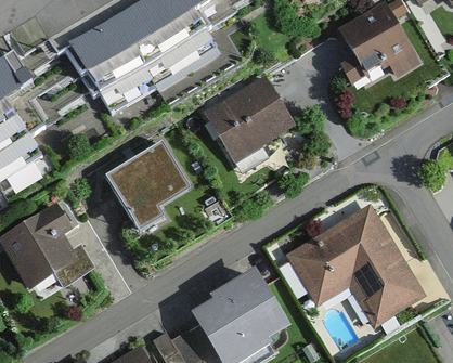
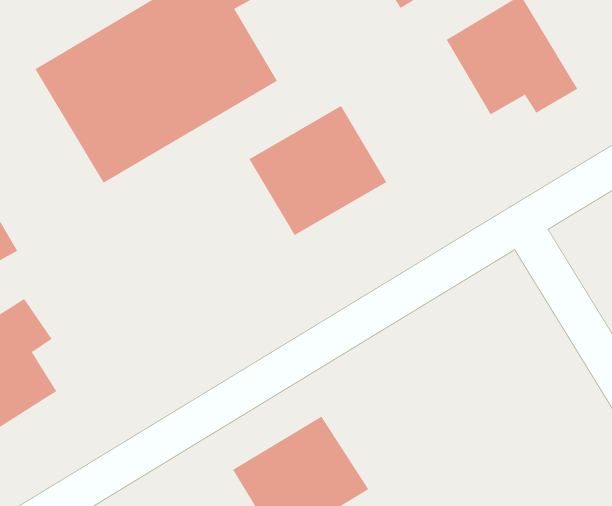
building: [103,141,186,230] -> none
building: [285,200,426,324] -> none

